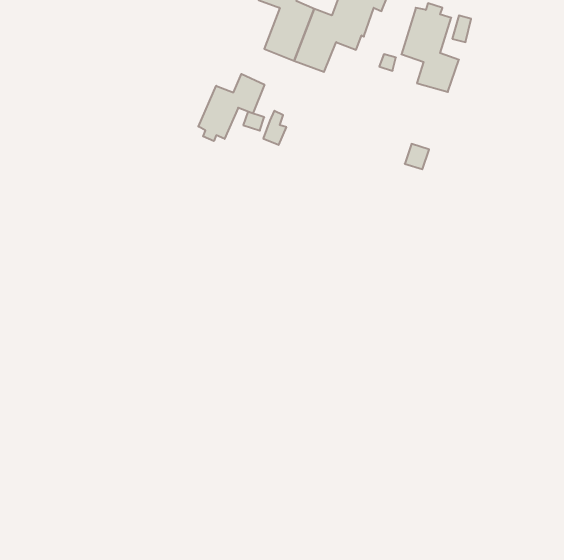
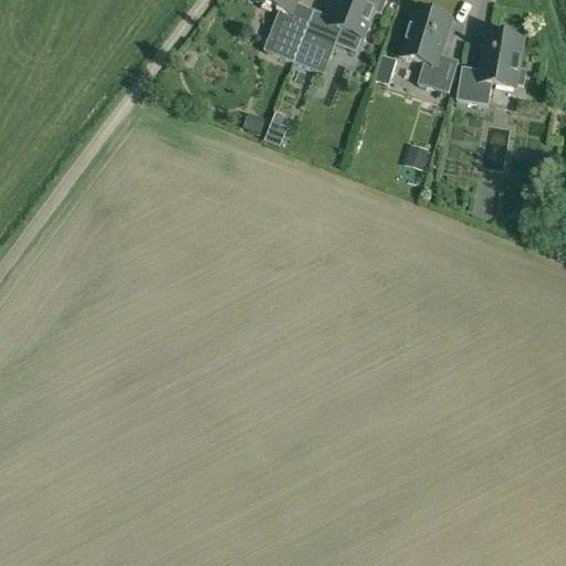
building: none -> [458,32,526,104]
building: [198,74,264,141] -> none

